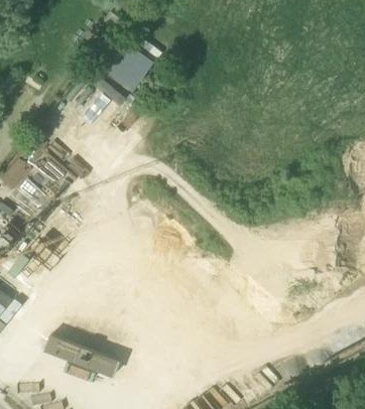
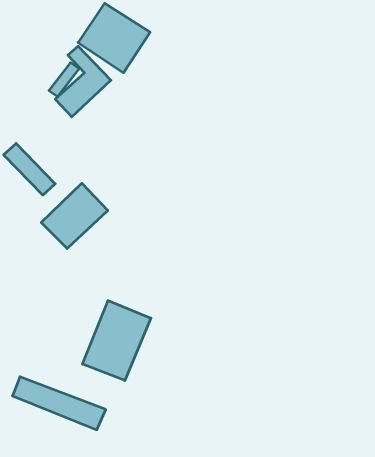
building: none -> [41,183,108,249]
building: none -> [83,301,151,381]

